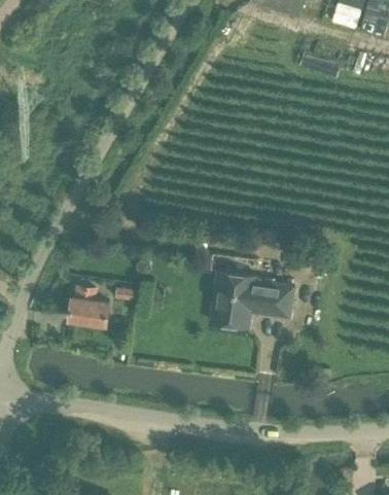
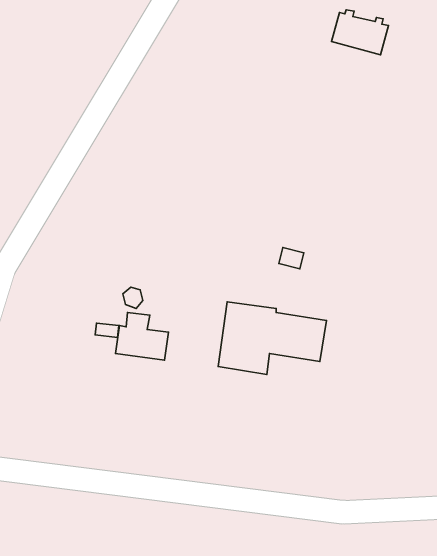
building: [69,287,110,324] -> [116,312,168,360]

